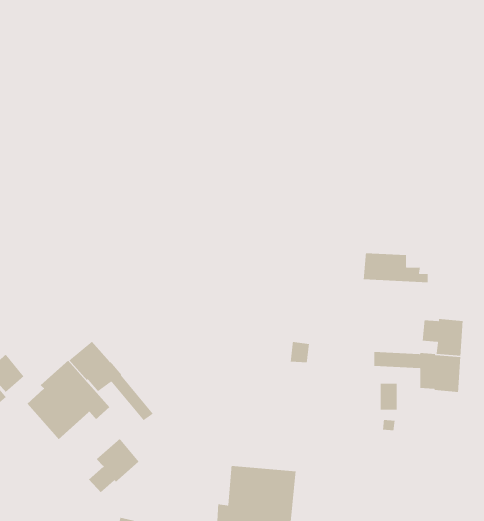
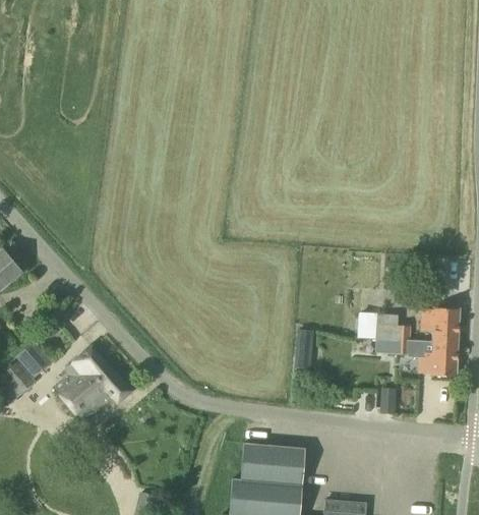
building: [363,252,429,283] -> [357,312,418,341]
building: [69,341,154,421] -> none
building: [88,438,139,493] -> none

